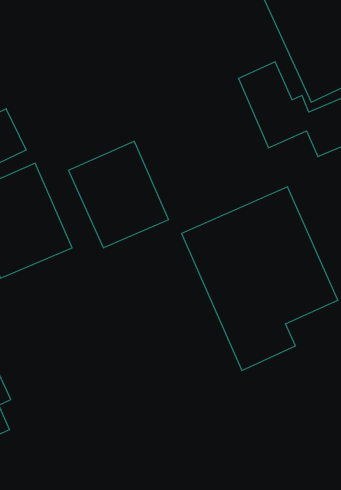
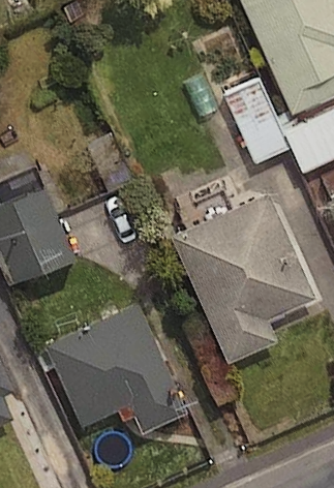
building: [69,141,169,248] -> none
building: none -> [45,304,187,433]

